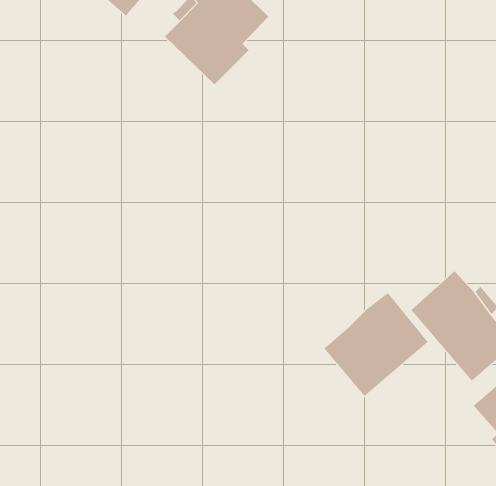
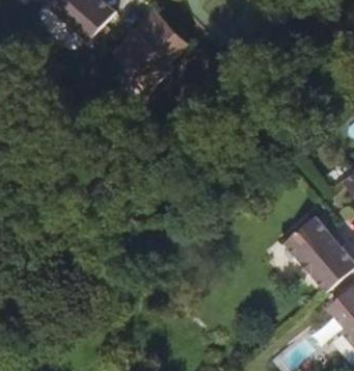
building: [324,292,429,397] -> none

